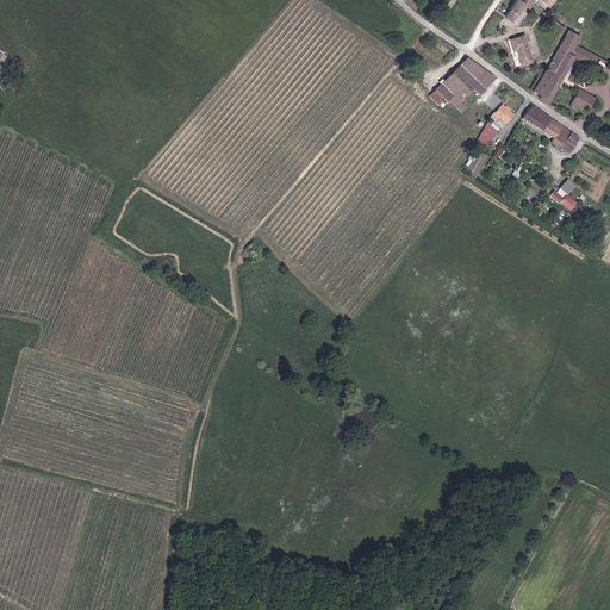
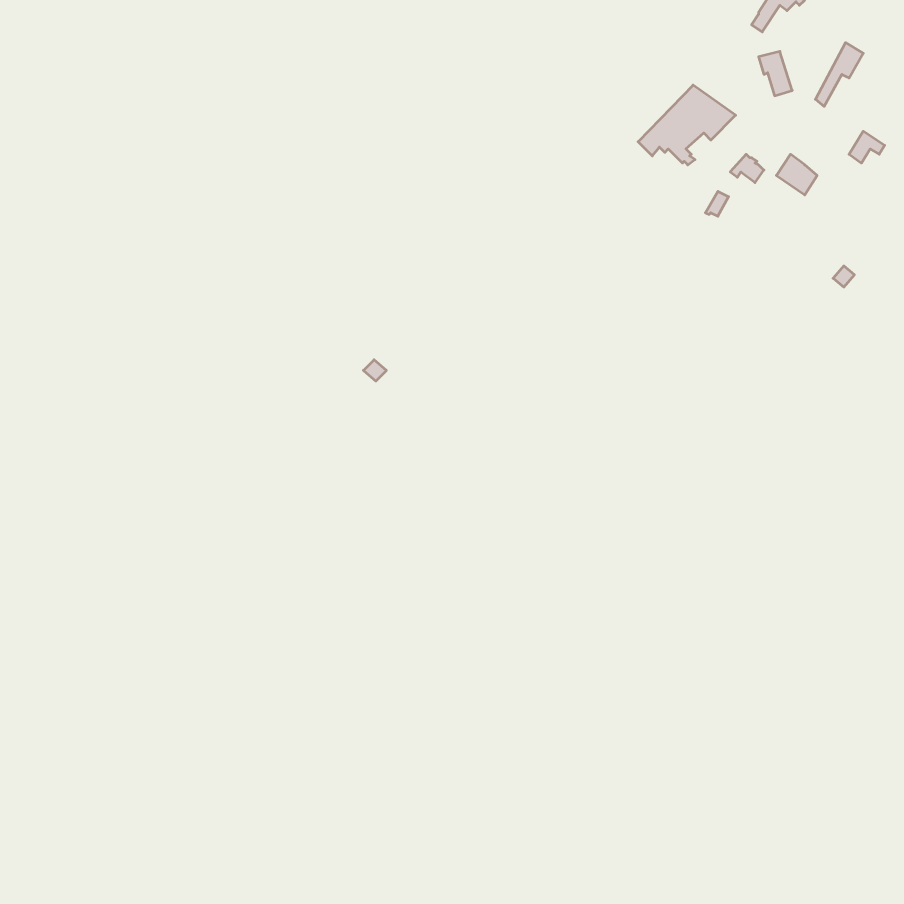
building: [535,44,599,104] -> none
building: [542,118,579,154] -> none

